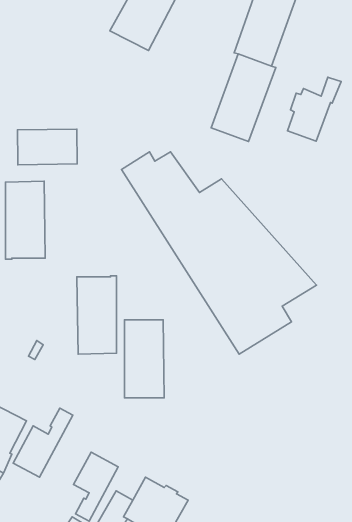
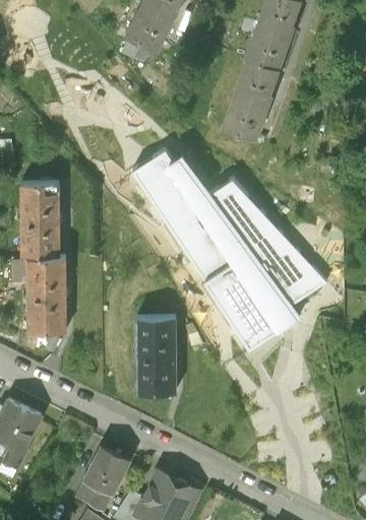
building: [288,77,341,141] -> none
building: [17,129,77,165] -> none
building: [77,276,117,354] -> [27,256,66,332]
building: [13,408,73,477] -> none

